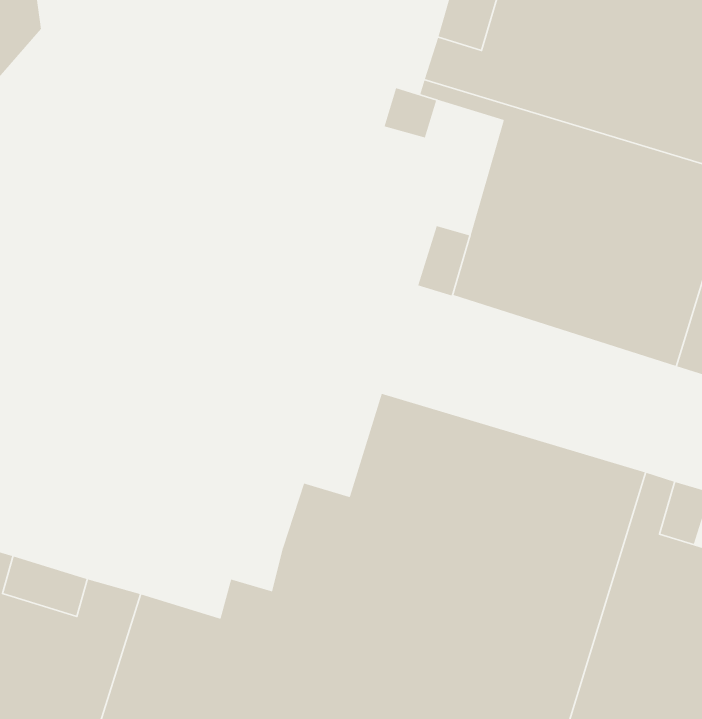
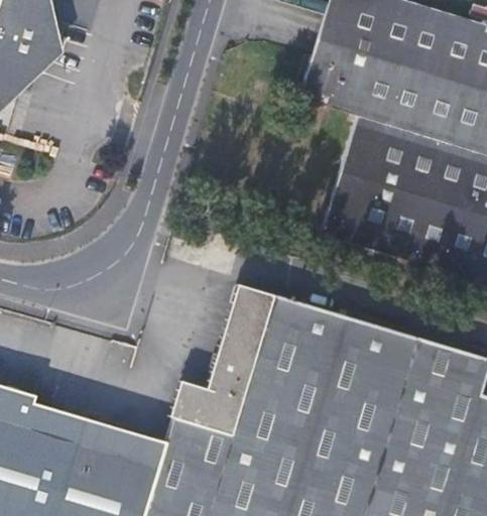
building: [383,87,437,138] -> none
building: [417,225,470,297] -> none
building: none -> [222,283,273,361]
building: none -> [173,388,208,423]

